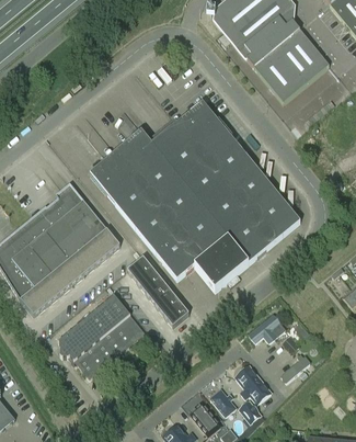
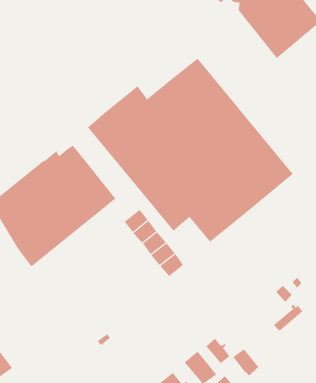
building: [58,294,146,378] -> none
building: [248,313,286,342] -> none
building: [236,364,271,403] -> none

